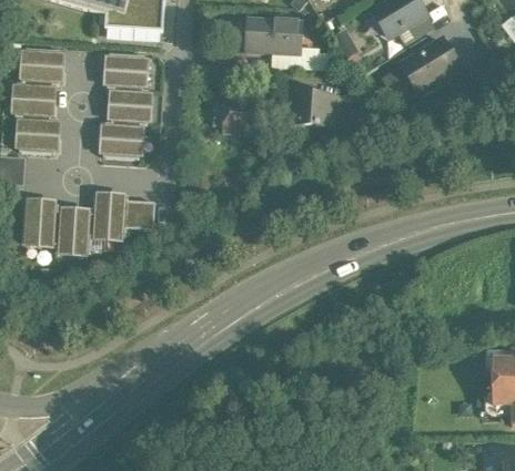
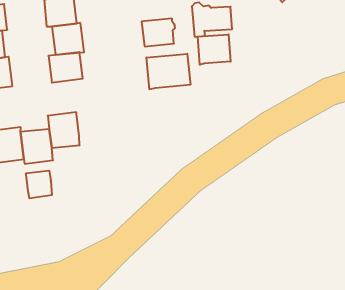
building: none -> [198,34,231,65]
building: none -> [147,54,190,89]
building: [127,199,154,228] -> none
building: none -> [26,171,52,198]

